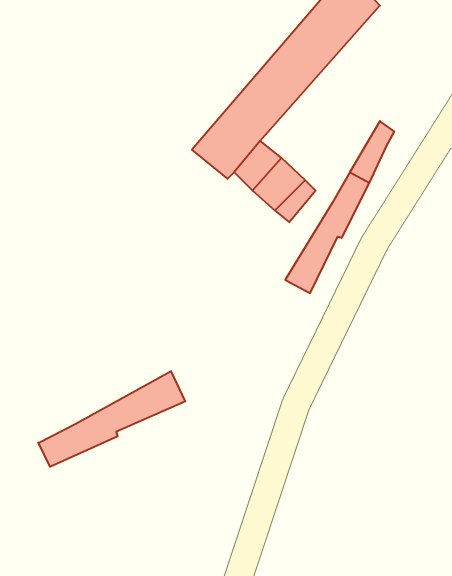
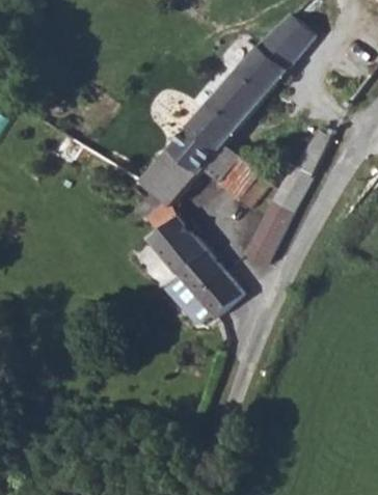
building: none -> [131,150,244,320]
building: [38,371,185,467] -> none

